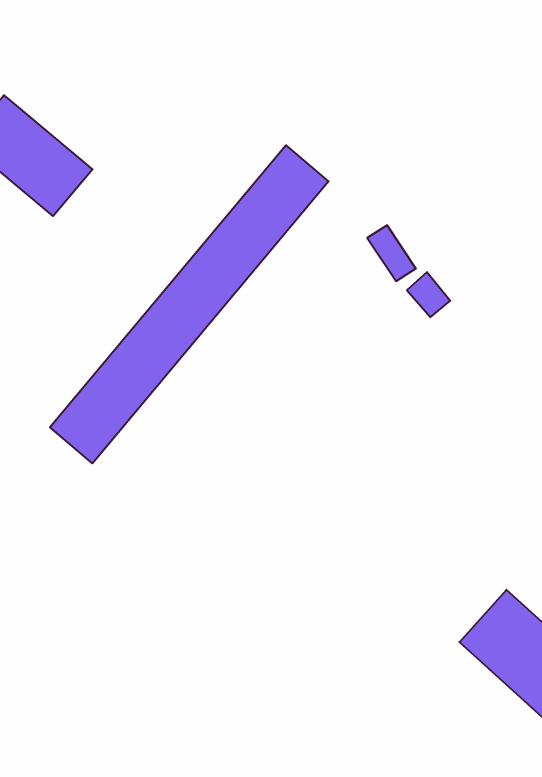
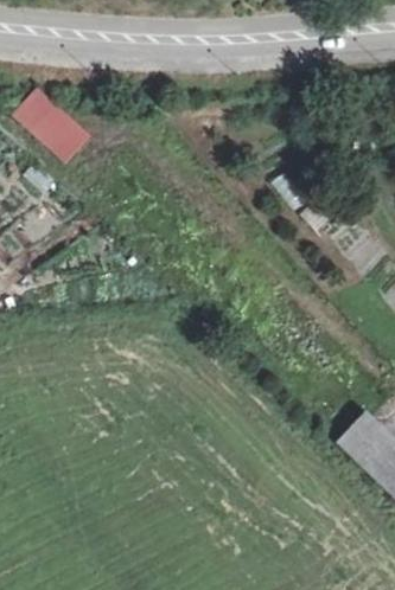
building: [50,145,329,463] -> none

